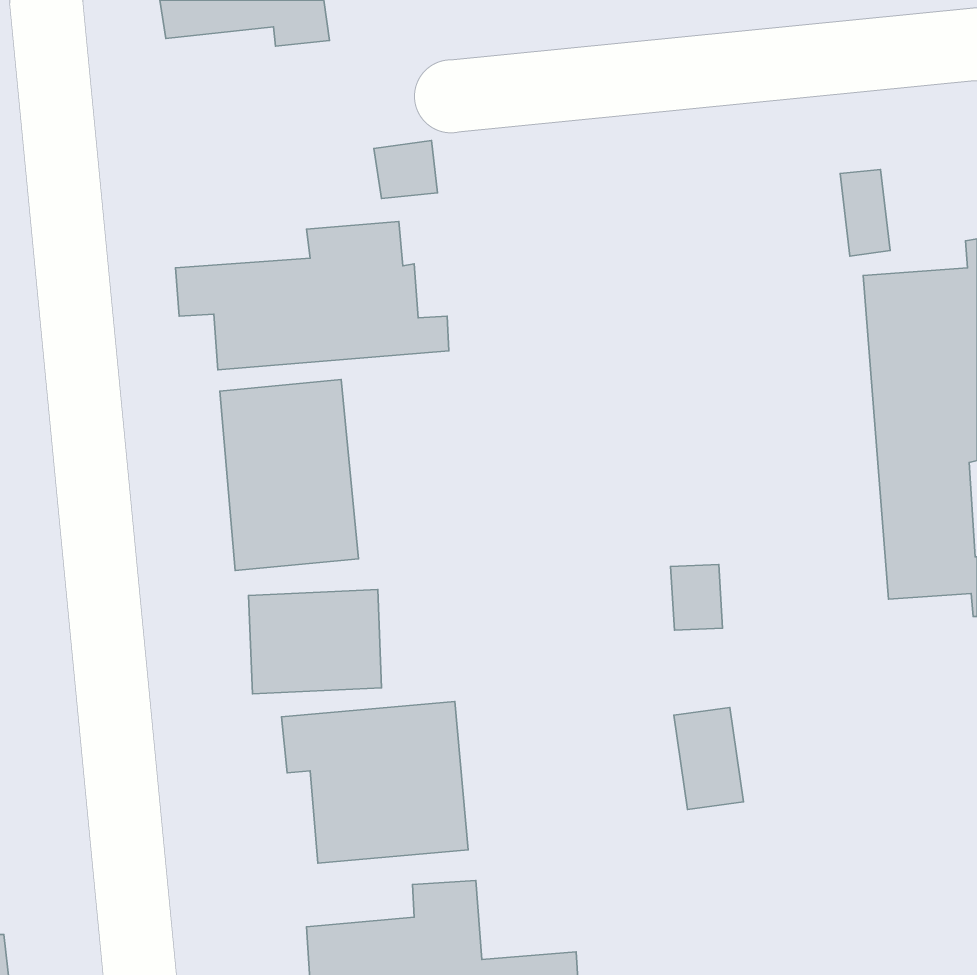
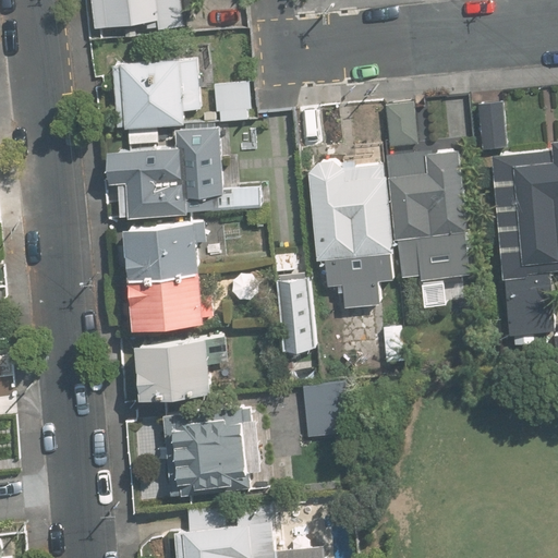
building: none -> [114,60,201,141]
building: none -> [384,104,473,286]
building: none -> [313,163,389,307]
building: none -> [278,278,312,351]
building: [674,708,743,810] -> [300,384,339,441]

